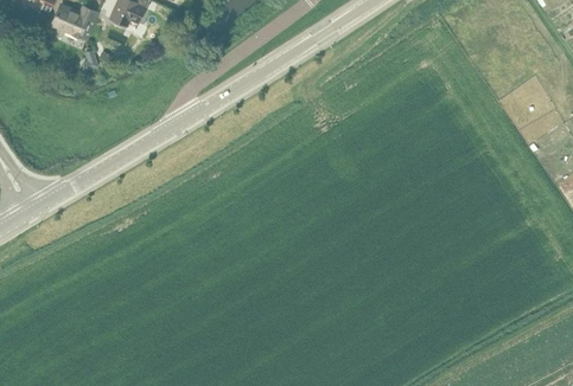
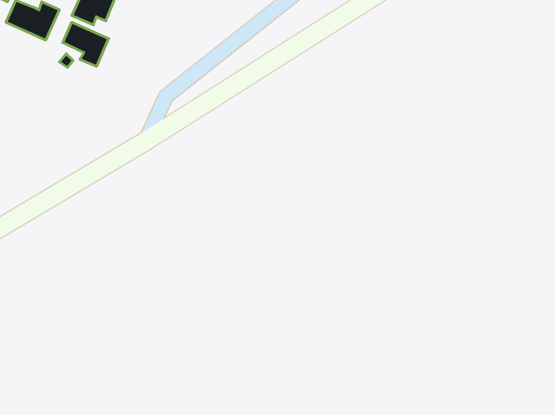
building: none -> [63,22,109,66]

